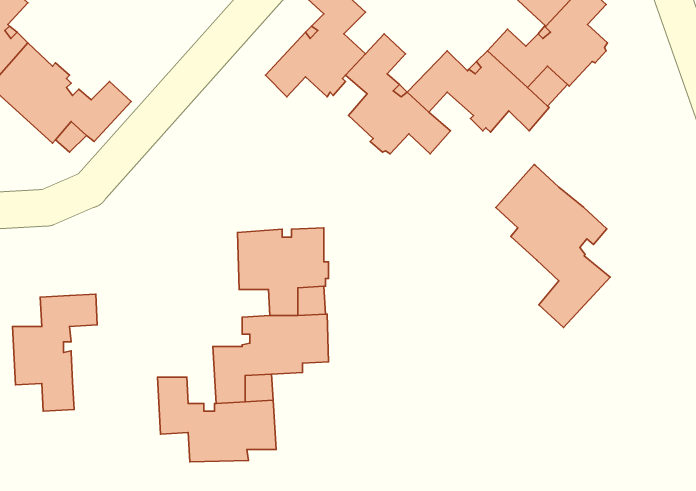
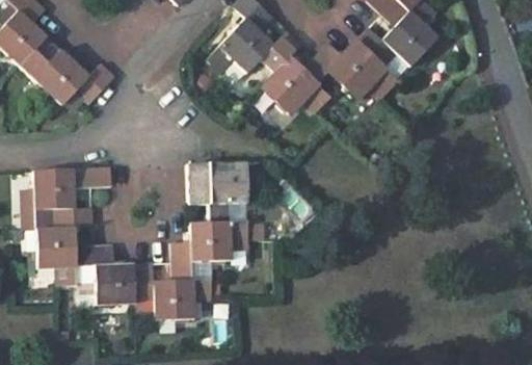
building: [496,164,610,328] -> none
building: none -> [33,167,111,212]
building: none -> [75,245,135,305]

